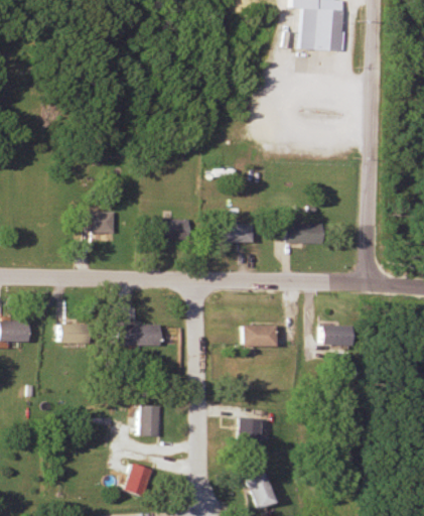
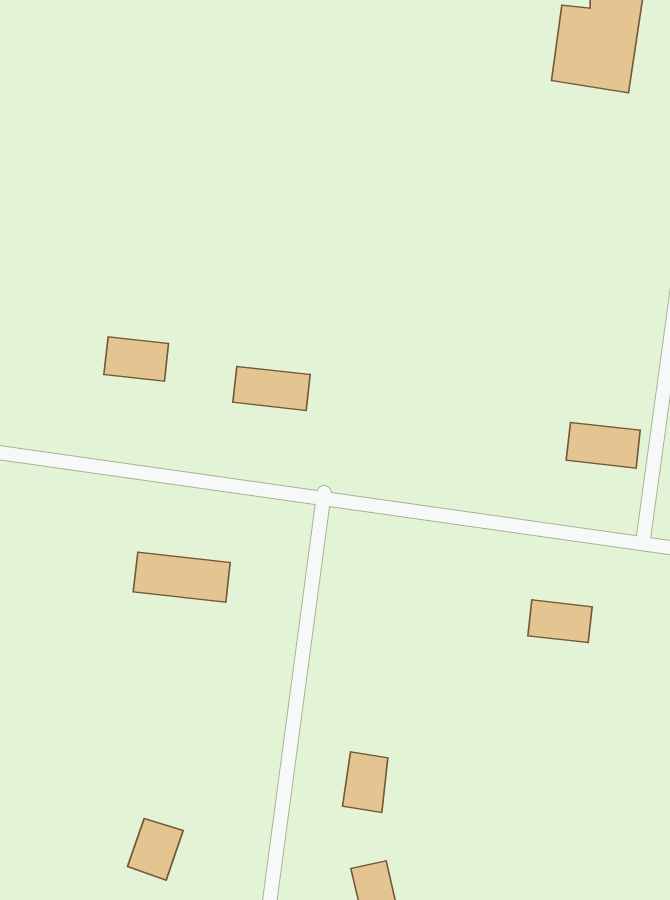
building: [221,223,254,243] -> none
building: [288,224,325,244] -> [566,422,640,468]
building: [57,324,91,343] -> none
building: [242,324,273,345] -> none
building: [141,405,162,435] -> none

